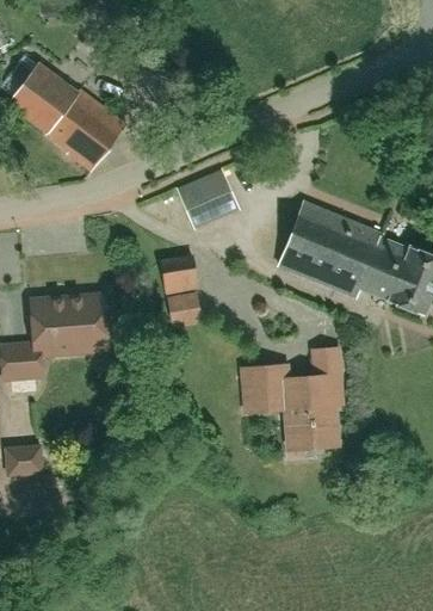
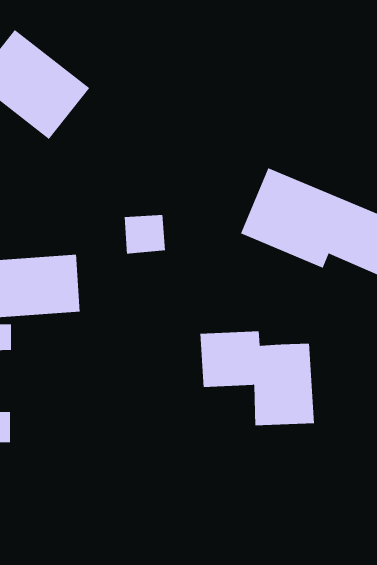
building: [178,169,242,229] -> none
building: [165,290,205,327] -> none
building: [310,350,341,377] -> none

